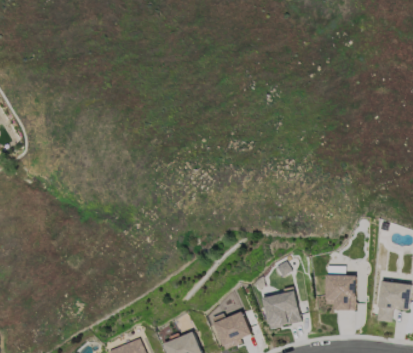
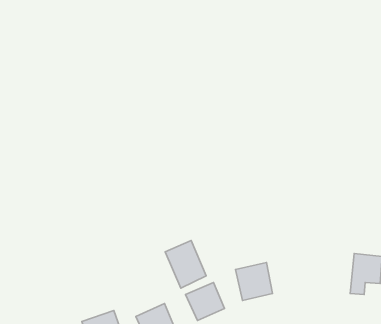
building: [325,266,354,309] -> none
building: none -> [165,240,206,288]

